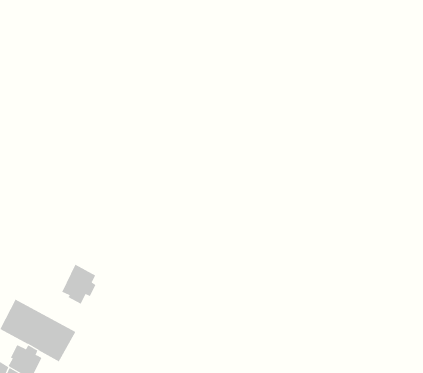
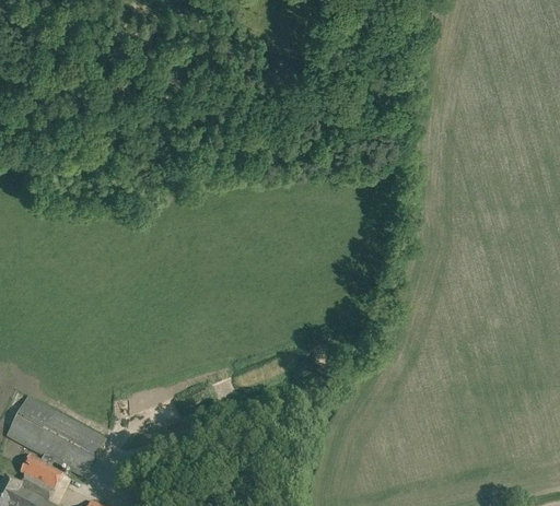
building: [61,264,96,304] -> none

